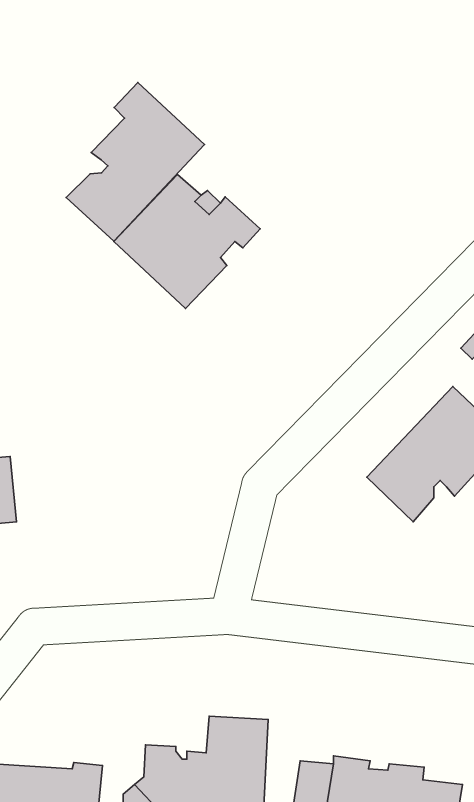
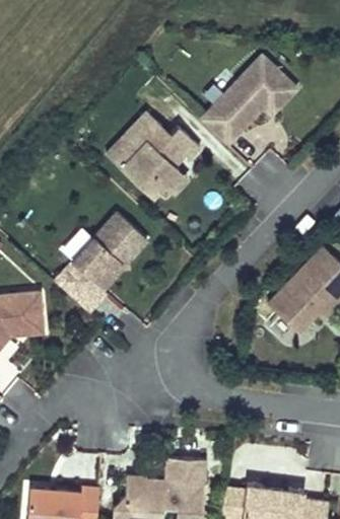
building: [66,83,204,241] -> none
building: none -> [200,55,295,145]
building: none -> [54,213,147,312]

